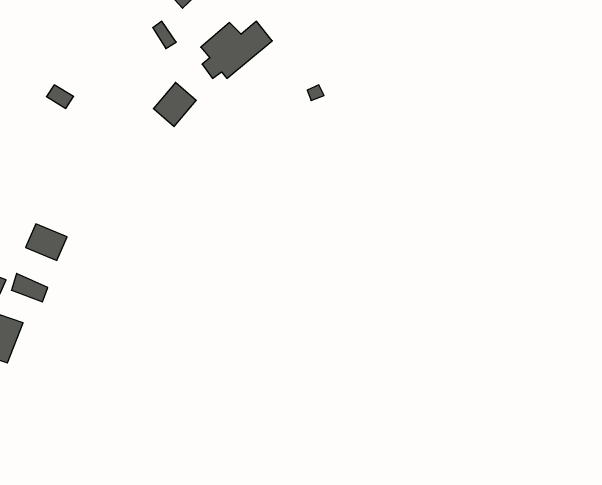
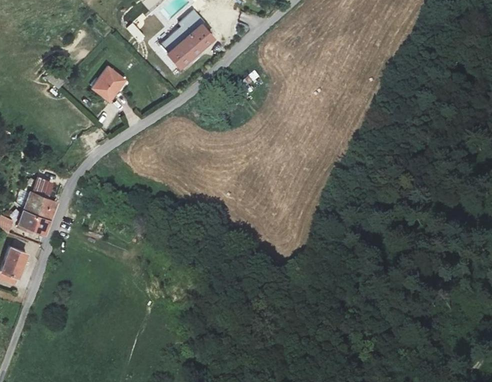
building: [153,82,196,127] -> [93,66,126,100]
building: none -> [22,195,53,226]

